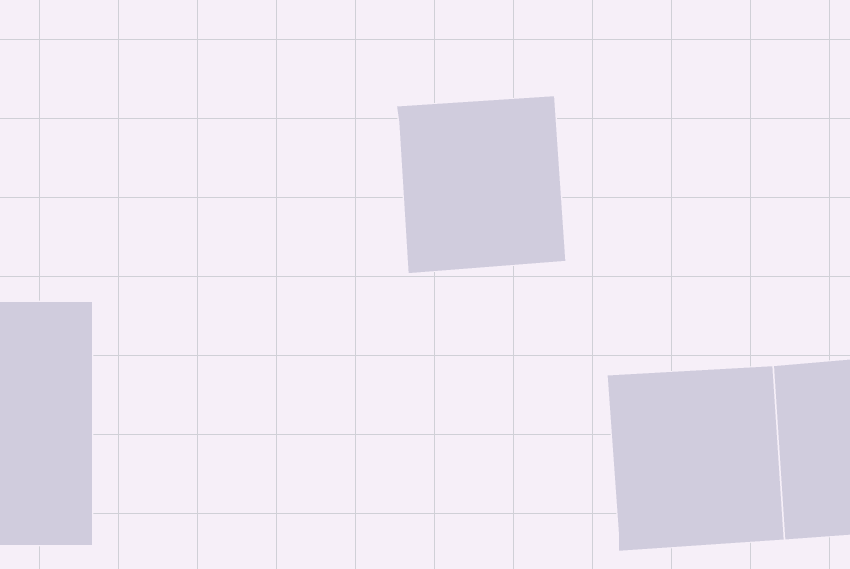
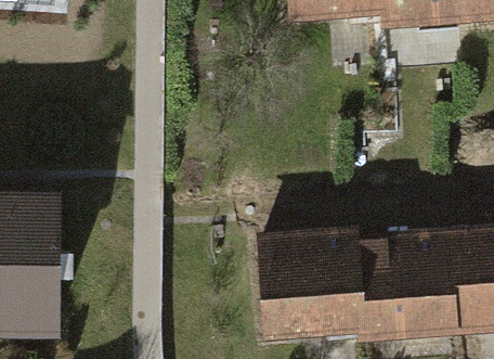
building: [397,96,566,274] -> none
building: none -> [255,225,356,336]

